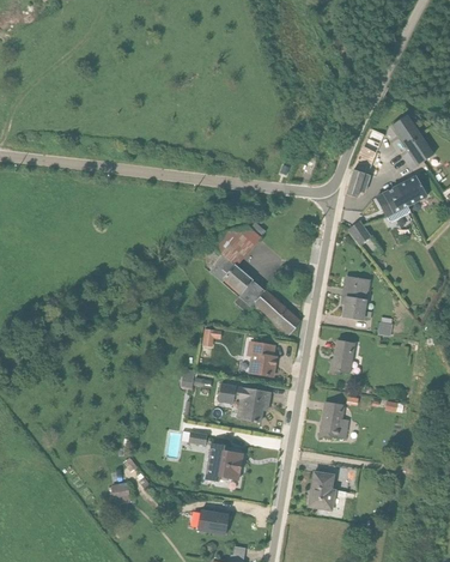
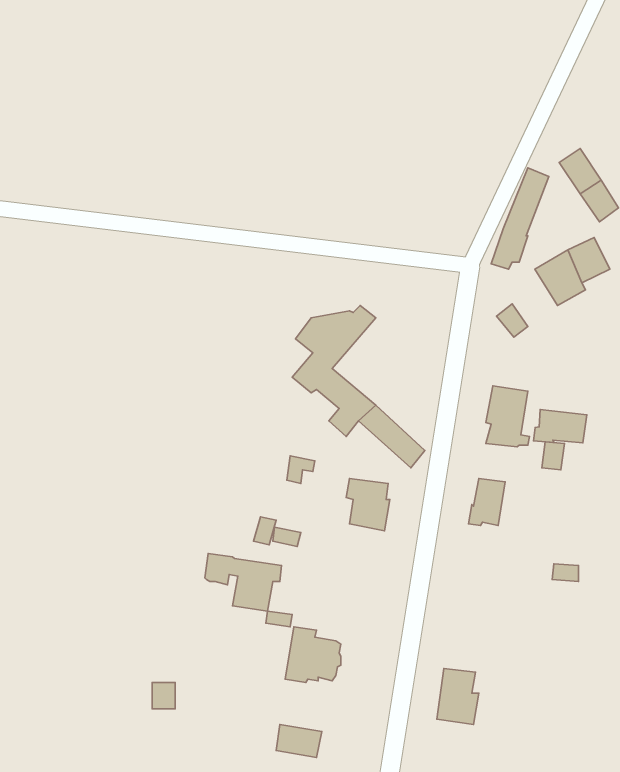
building: none -> [533,410,587,443]
building: [217,382,269,422] -> [205,553,282,611]
building: [318,401,348,439] -> none

